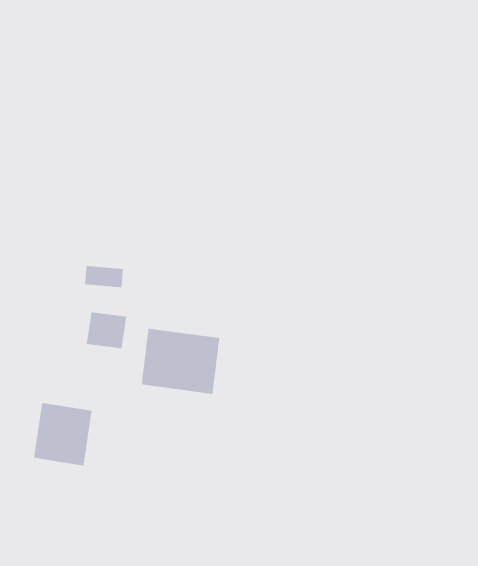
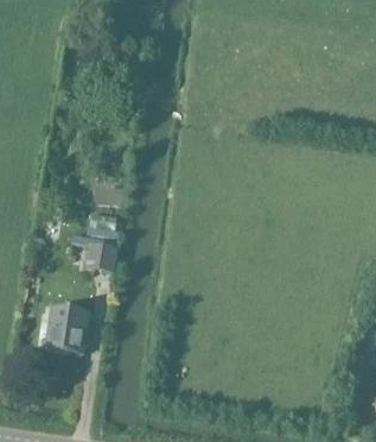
building: [141,328,220,395] -> none

